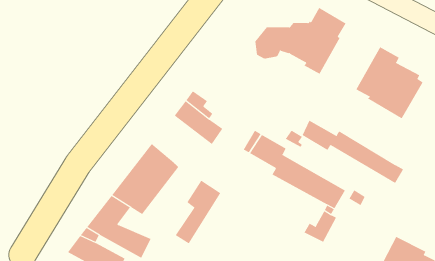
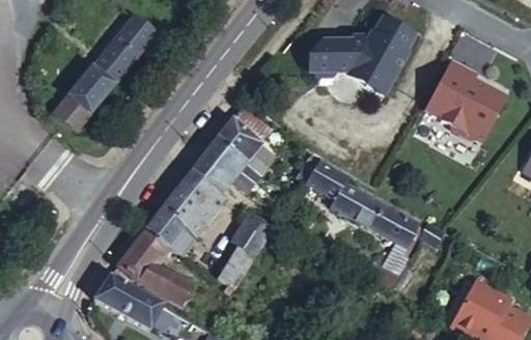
building: none -> [52,17,155,133]
building: none -> [191,139,261,194]
building: [302,120,404,184] -> none

